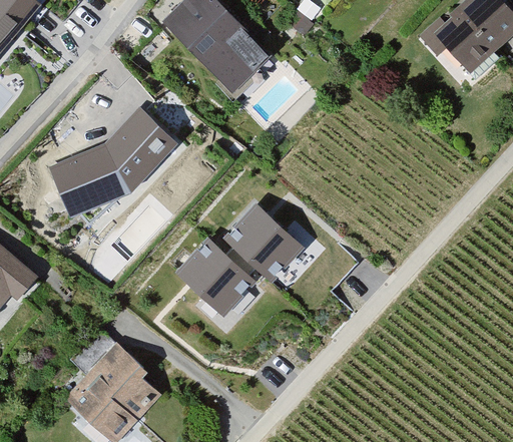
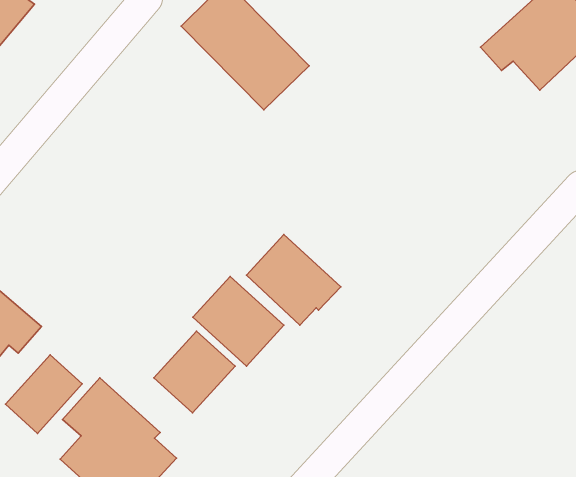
building: [46,107,175,217] -> none
building: none -> [154,331,235,413]
building: none -> [5,355,82,433]

